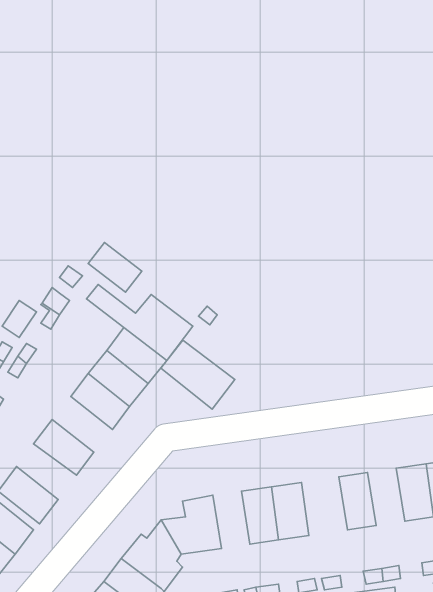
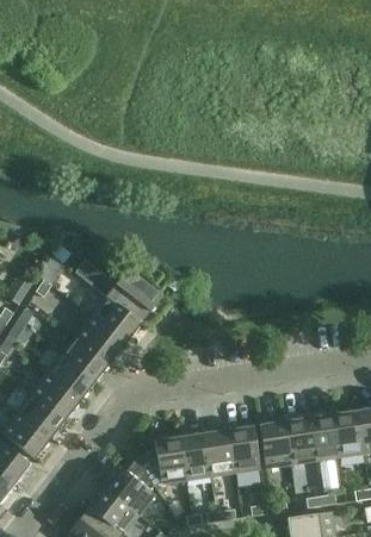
building: [88,243,142,292] -> none
building: [161,340,235,409] -> none
building: none -> [45,354,95,400]
building: none -> [16,393,66,439]
building: none -> [308,413,339,461]
building: none -> [259,420,291,468]
building: none -> [179,432,210,480]

